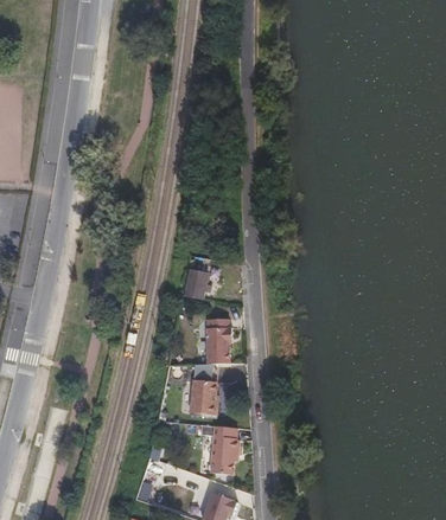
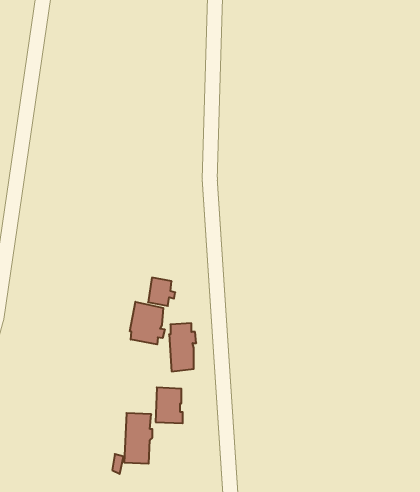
building: none -> [130,302,165,344]
building: [211,423,238,471] -> [124,413,152,464]

